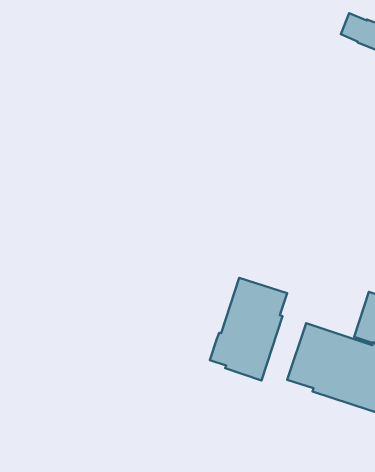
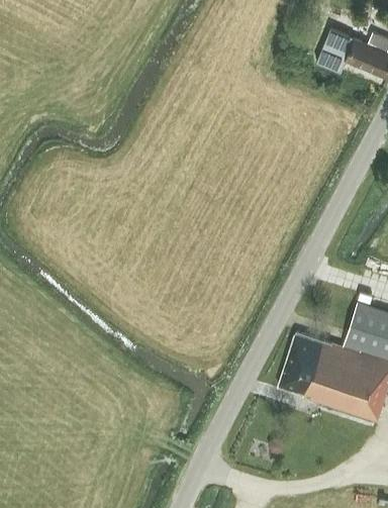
building: [210,278,287,380] -> none

